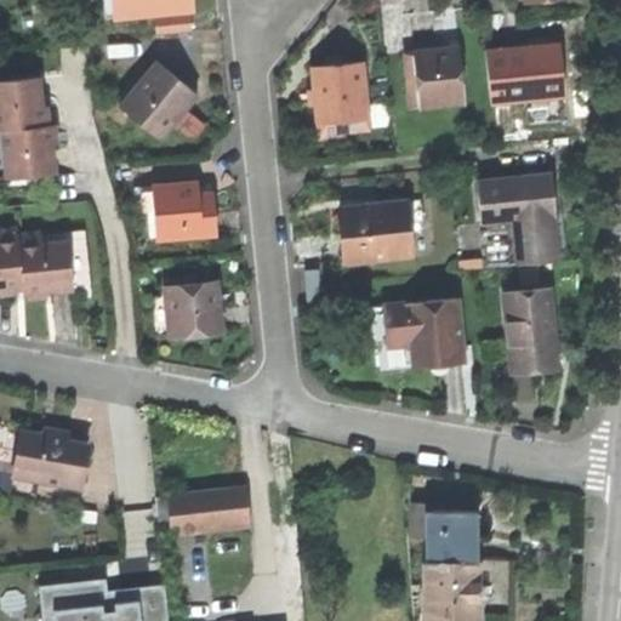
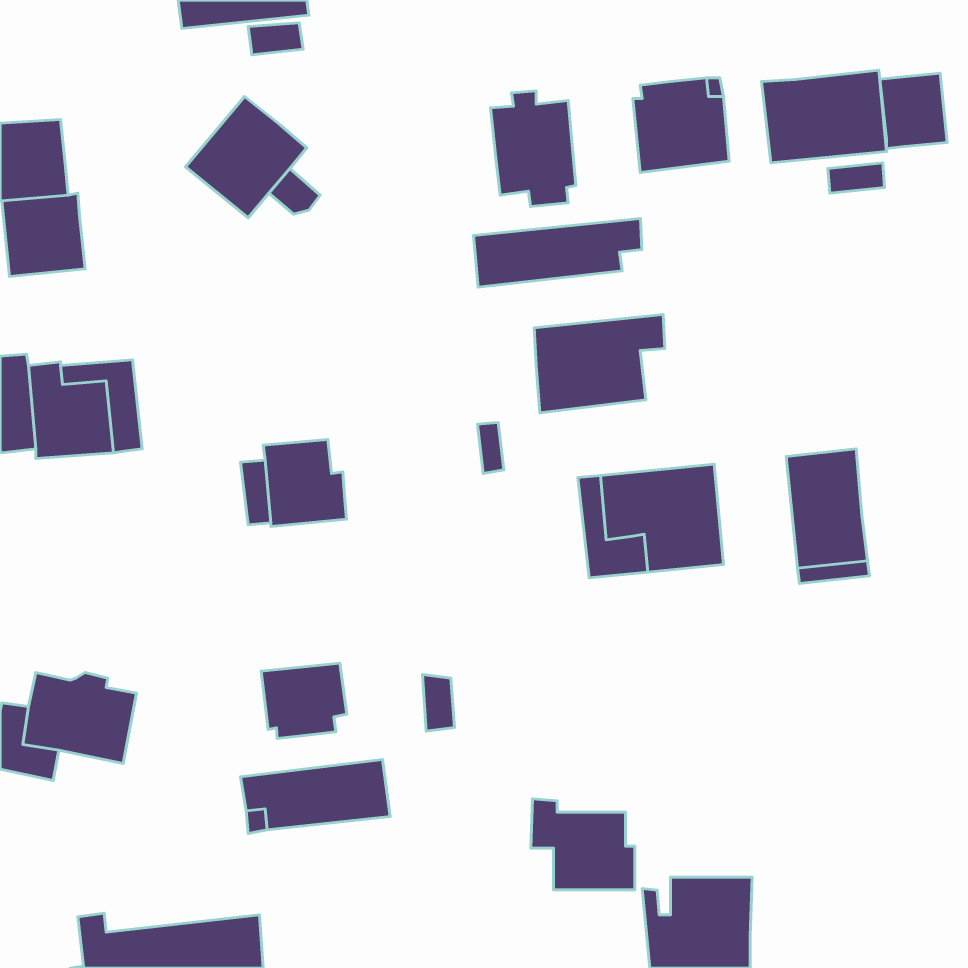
building: none -> [880,73,947,148]
building: none -> [474,218,642,287]
building: [480,173,562,267] -> none
building: [142,188,218,239] -> none
building: none -> [261,663,347,738]
building: [415,503,482,562] -> [531,799,635,890]

